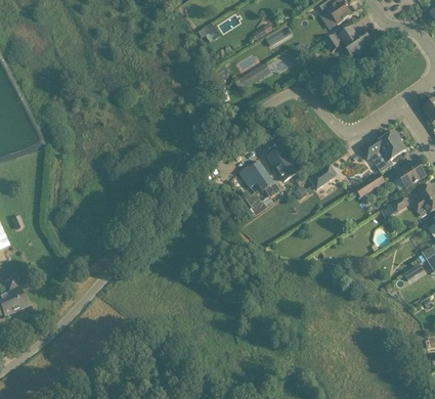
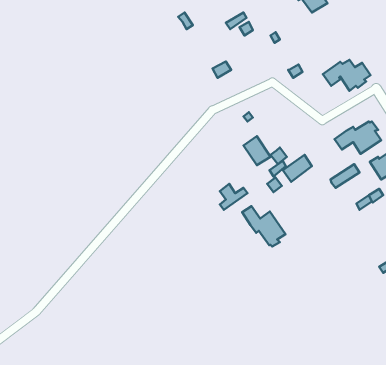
building: [324,27,372,57] -> [323,60,370,91]
building: [248,163,276,194] -> none
building: none -> [242,206,285,247]

